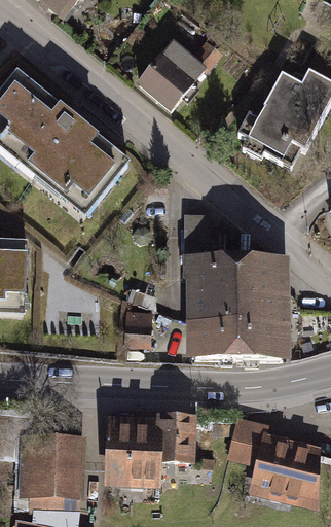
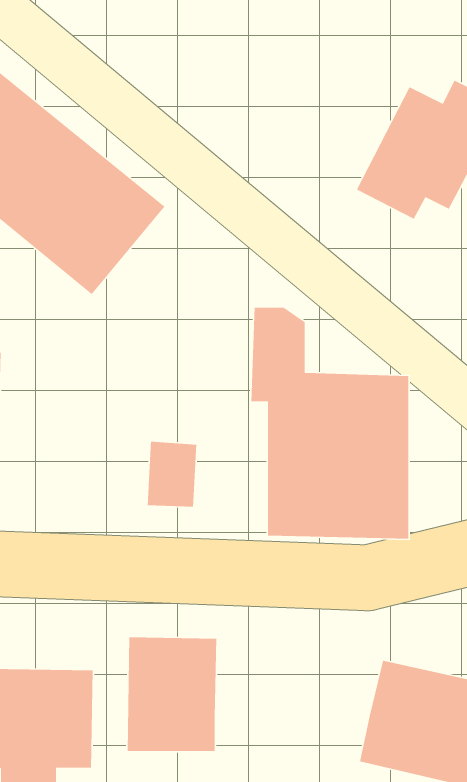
building: [139,39,219,113] -> none
building: [160,415,196,466] -> none
building: [227,416,265,465] -> none

